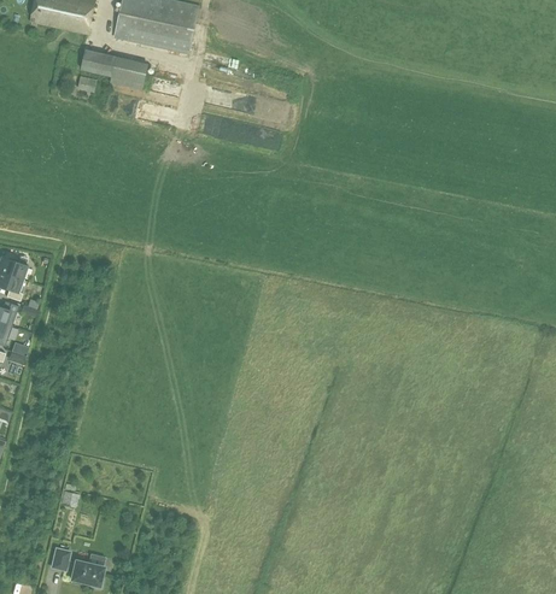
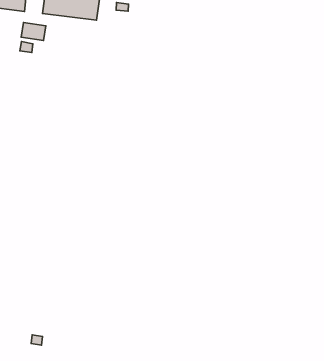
building: [111,55,148,89] -> none

